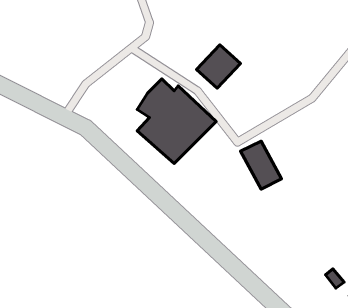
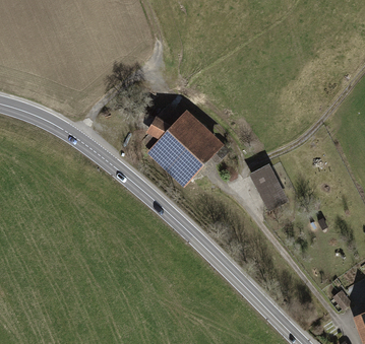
building: [196,45,241,88] -> none

